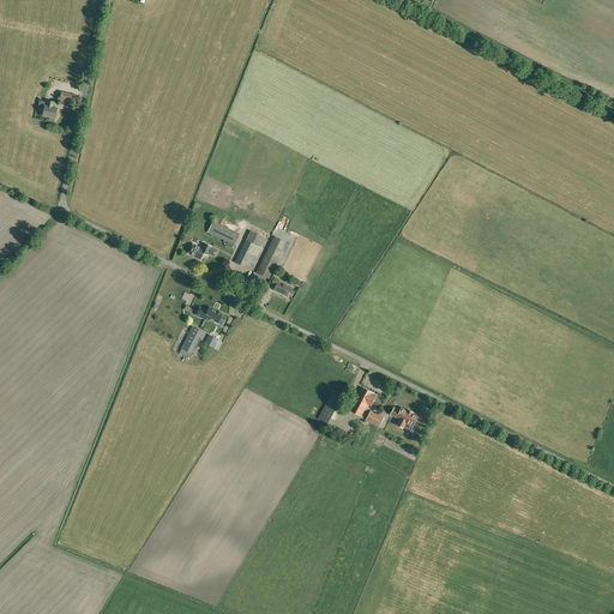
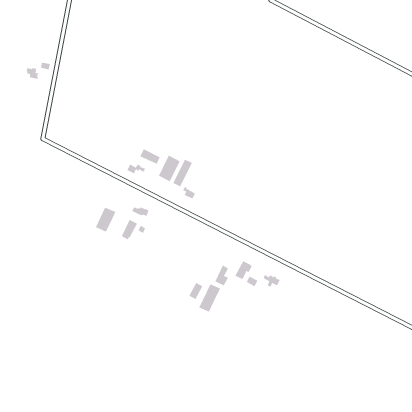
building: none -> [95,207,116,233]
building: none -> [198,283,221,312]

